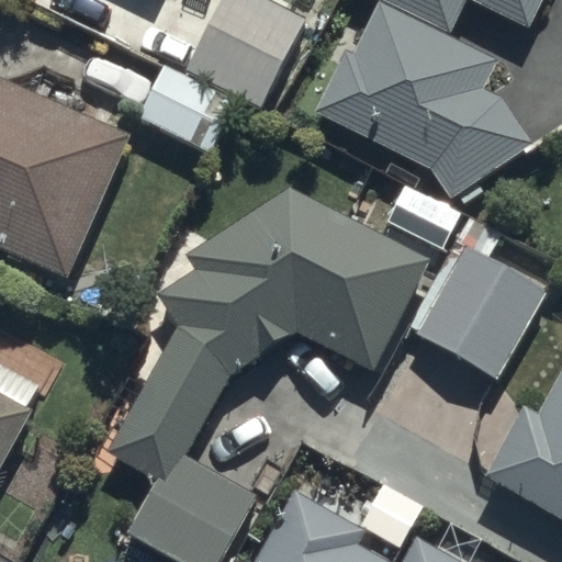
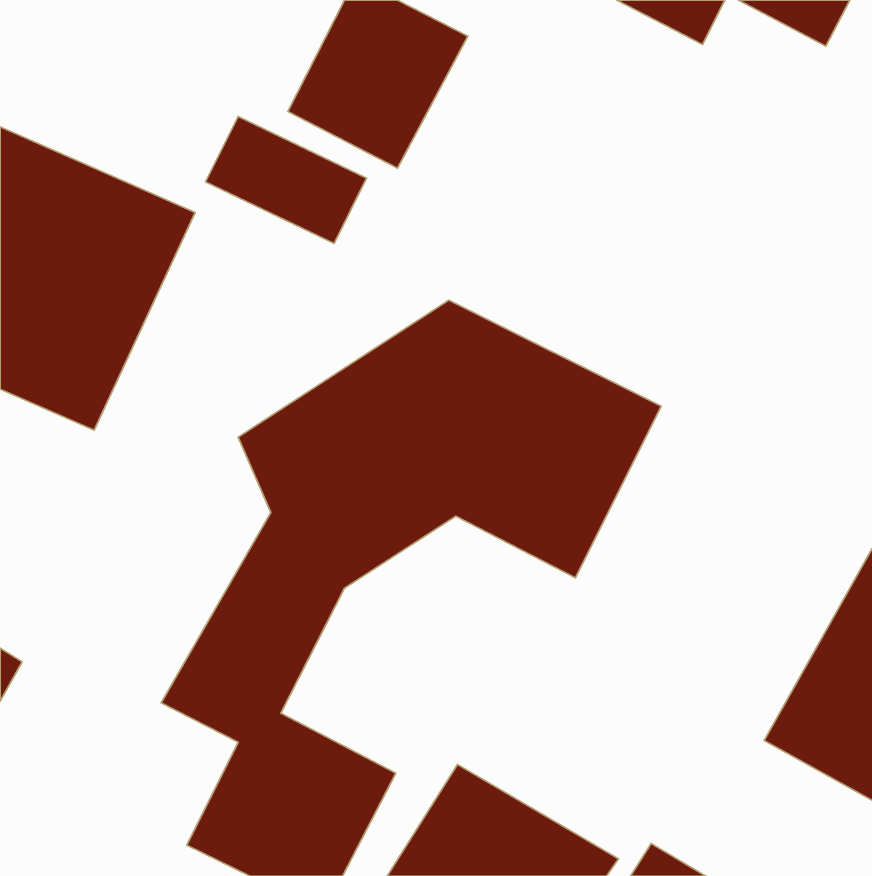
building: [317,9,536,194] -> none
building: [418,251,544,378] -> none

